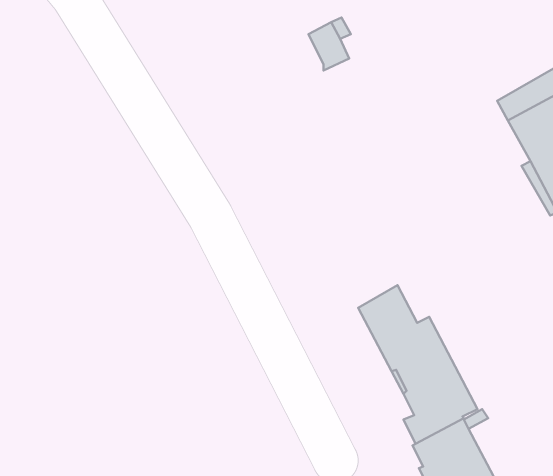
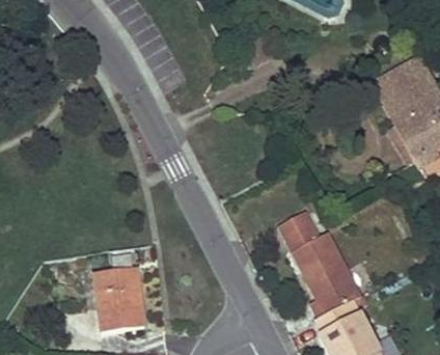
building: none -> [94,269,146,334]

